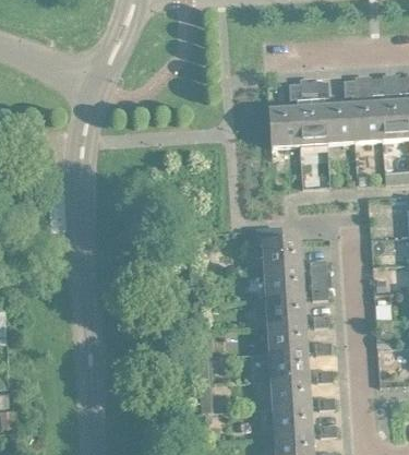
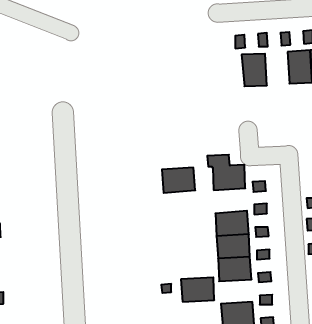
building: [325,103,354,143] -> none
building: [269,106,300,147] -> none
building: [263,267,303,298] -> [162,168,195,193]
building: [269,378,310,407] -> [181,277,214,302]

